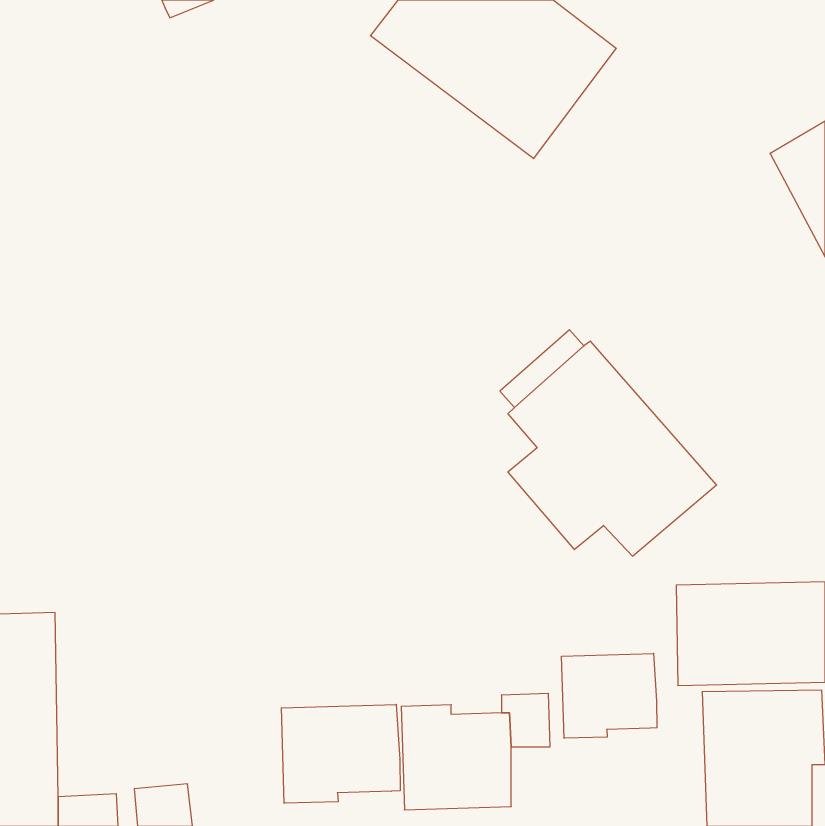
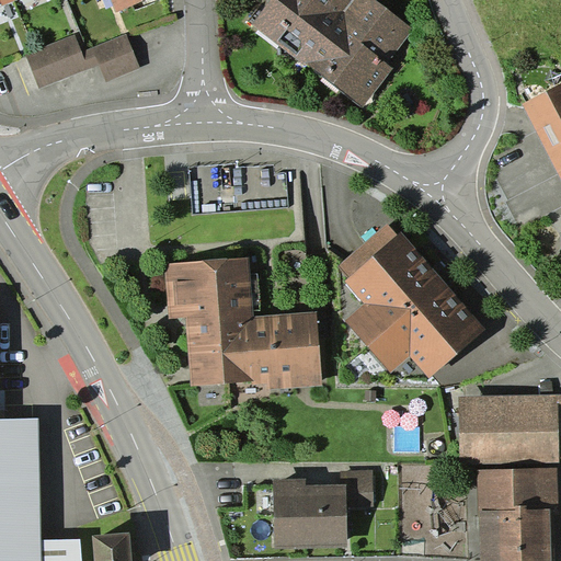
building: none -> [25,34,139,89]
building: none -> [163,256,321,389]
building: [562,653,657,738] -> none
building: [281,704,400,803] -> none

